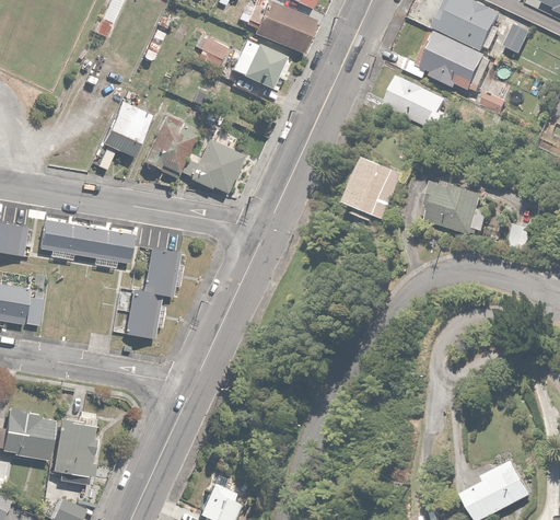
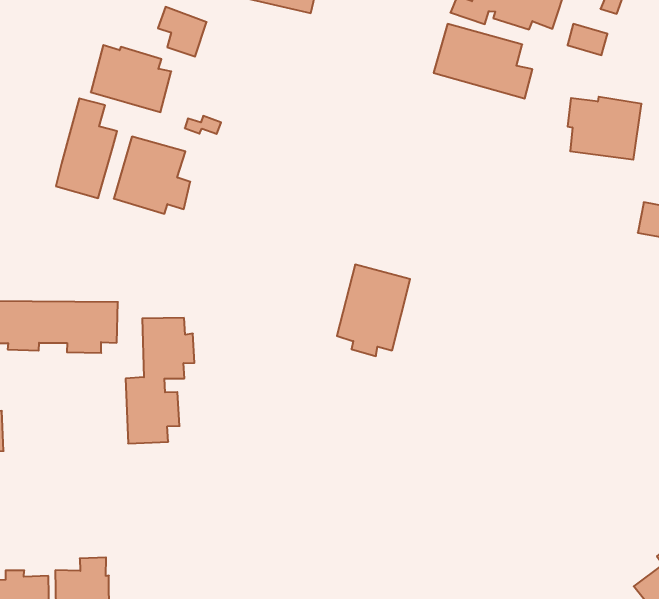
building: [231,39,290,93] -> [91,45,171,112]
building: [189,139,242,192] -> none
building: [347,154,405,221] -> [337,265,410,356]
building: [428,184,483,234] -> [568,97,642,160]

